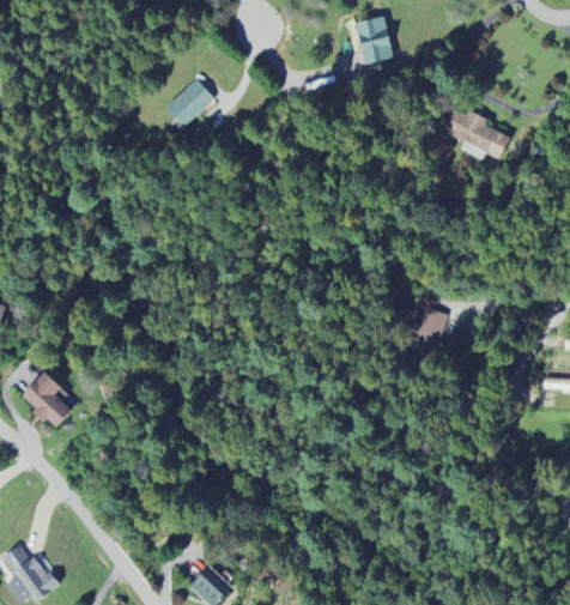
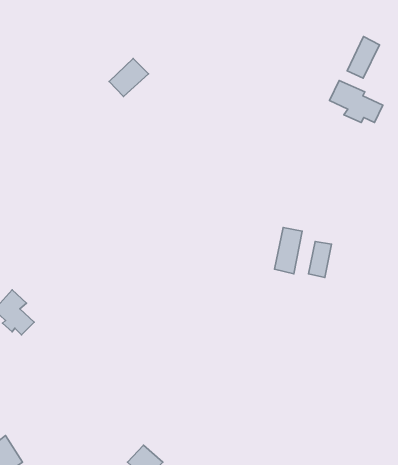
building: [356,16,394,63] -> none
building: none -> [347,36,379,78]
building: none -> [274,228,302,274]

